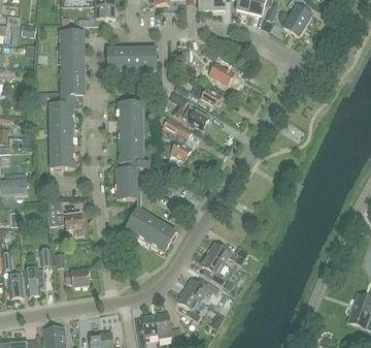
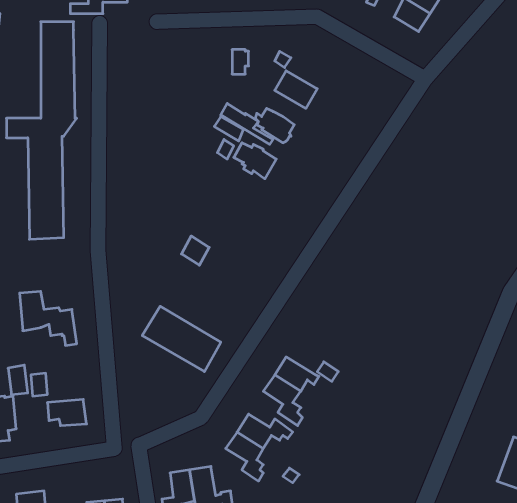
building: [103,48,156,71] -> none
building: [114,101,148,199] -> none
building: [159,115,191,161] -> none

